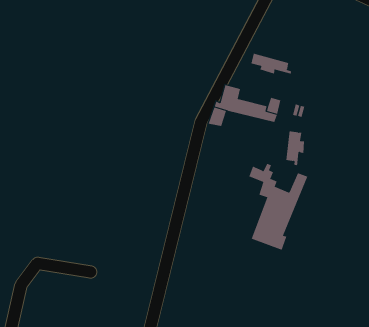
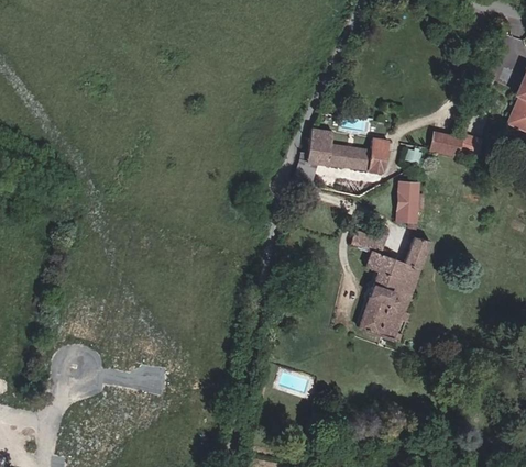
building: [250,53,291,74] -> none
building: none -> [428,134,459,156]

